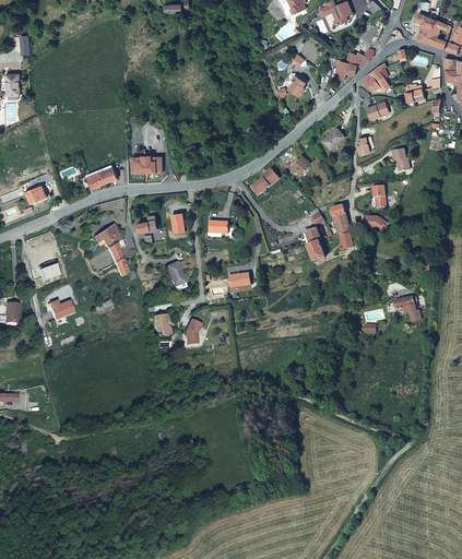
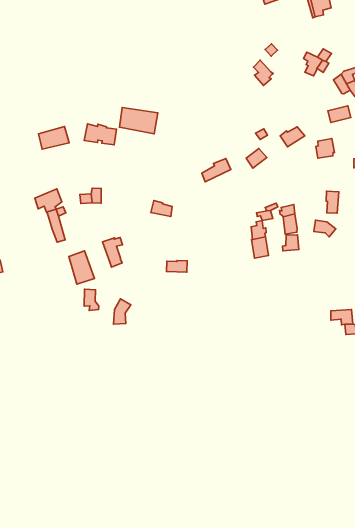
building: none -> [120,108,158,134]
building: none -> [69,251,94,284]

